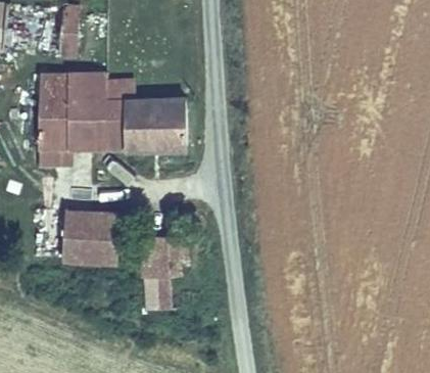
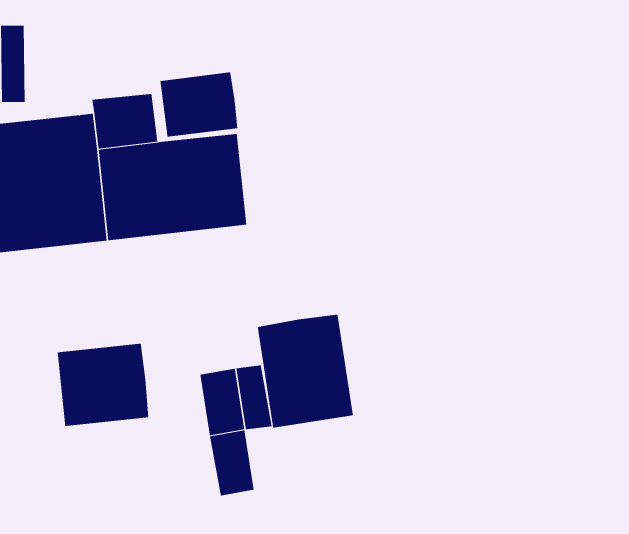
building: none -> [160,72,238,138]
building: none -> [257,314,353,428]

